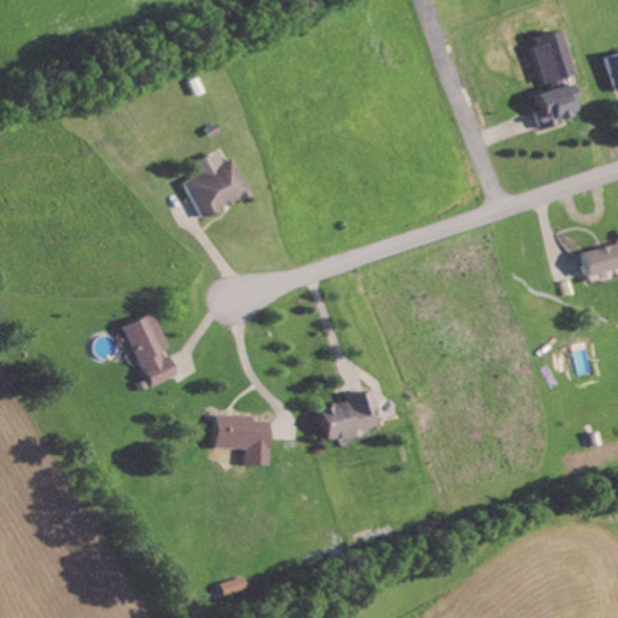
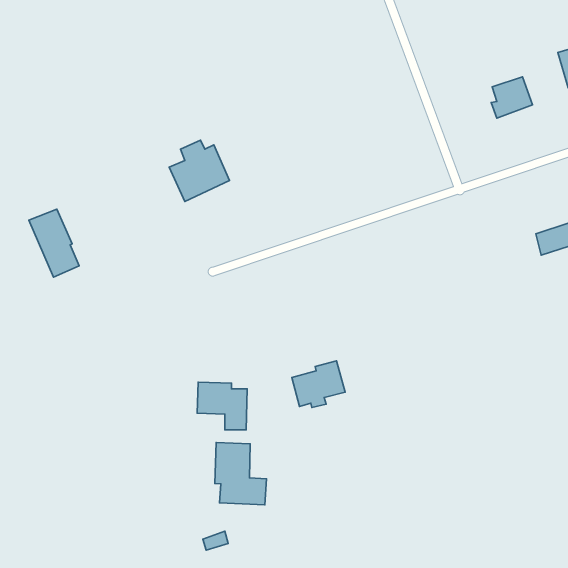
building: [530,30,572,88] -> none
building: [123,314,177,387] -> [29,209,79,277]
building: none -> [215,443,266,505]

